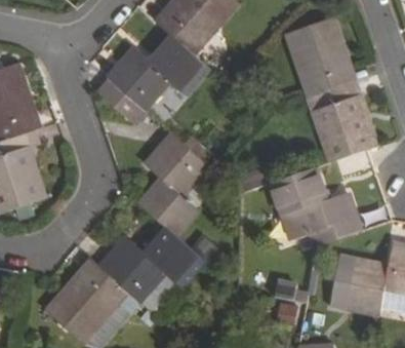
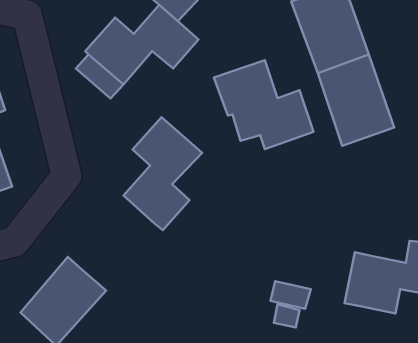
building: [270,167,358,246] -> [214,60,313,149]
building: [102,230,200,300] -> none

